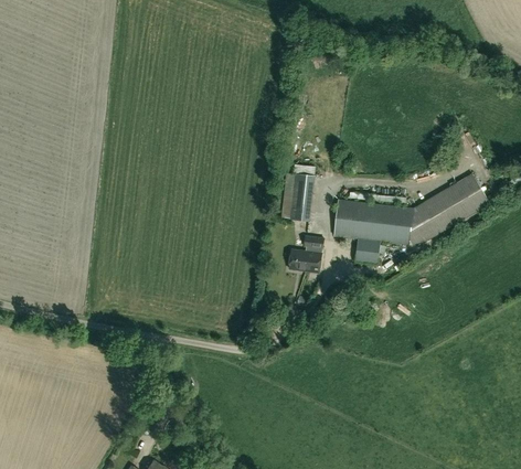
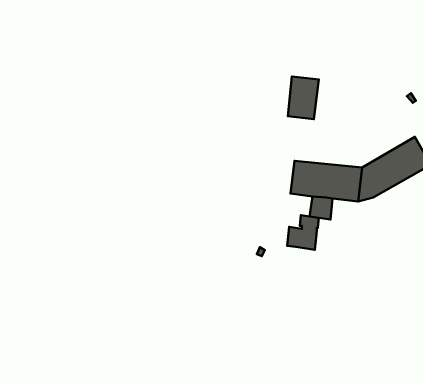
building: [281,172,316,220] -> [288,76,319,119]
building: [289,234,325,273] -> [287,215,319,250]

